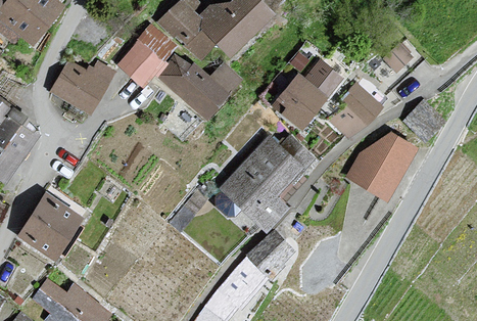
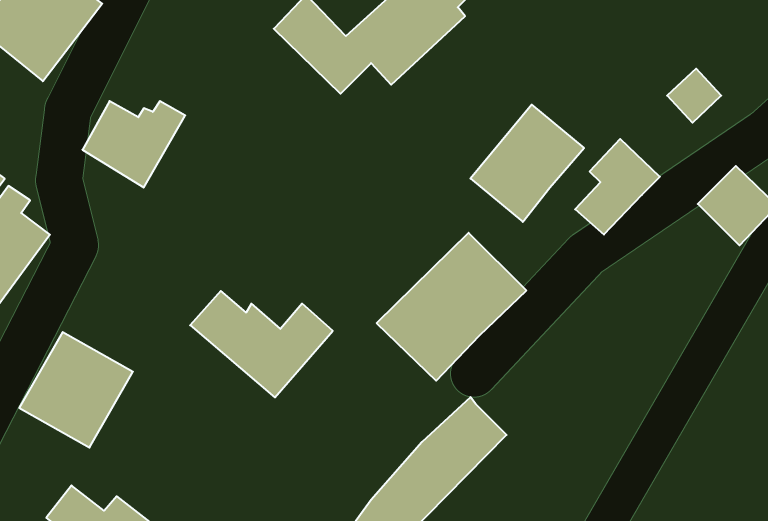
building: [118,26,174,82] -> none
building: [158,57,239,118] -> [190,291,333,397]
building: [348,133,416,198] -> none

